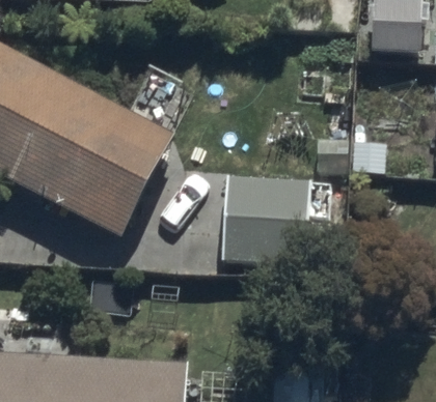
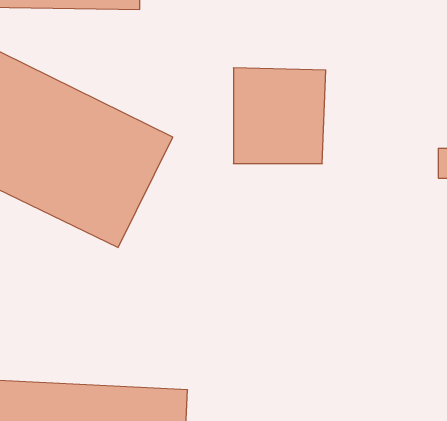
building: [225,174,309,261] -> [233,68,326,164]

